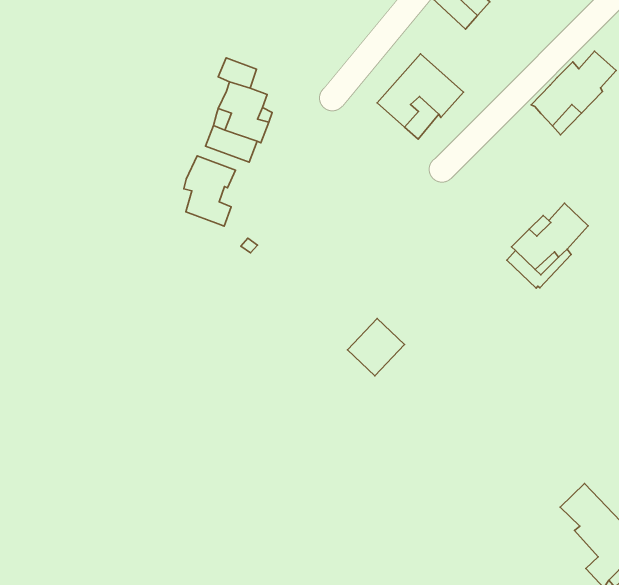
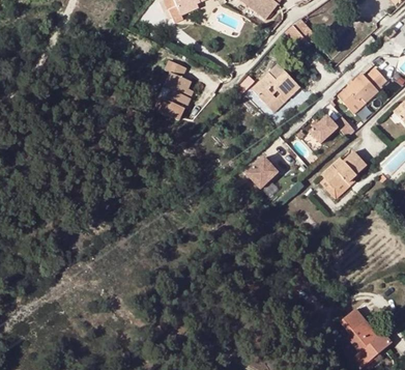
building: none -> [310,114,355,142]
building: [184,156,236,226] -> none
building: [348,318,405,376] -> [247,155,279,188]

